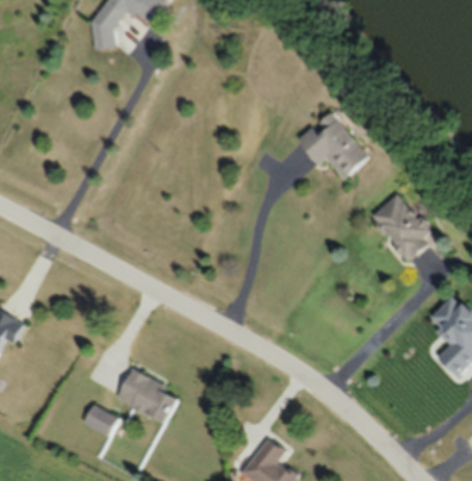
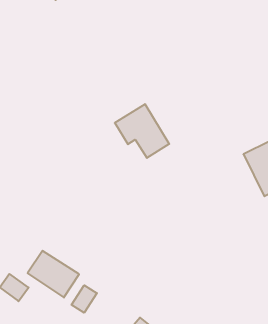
building: [297,112,369,180] -> [115,104,169,158]
building: none -> [72,285,97,313]

